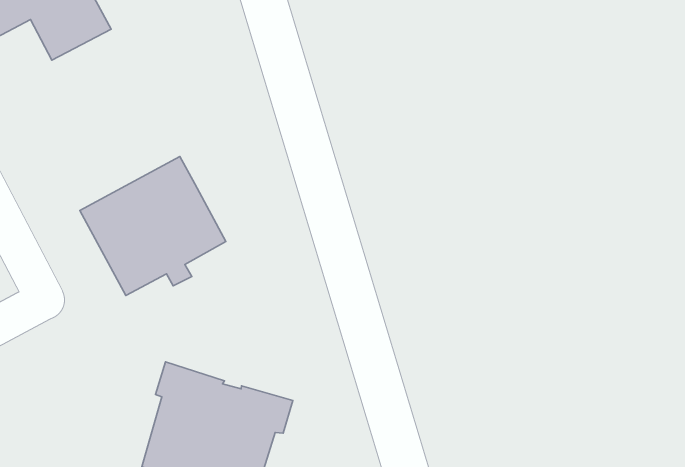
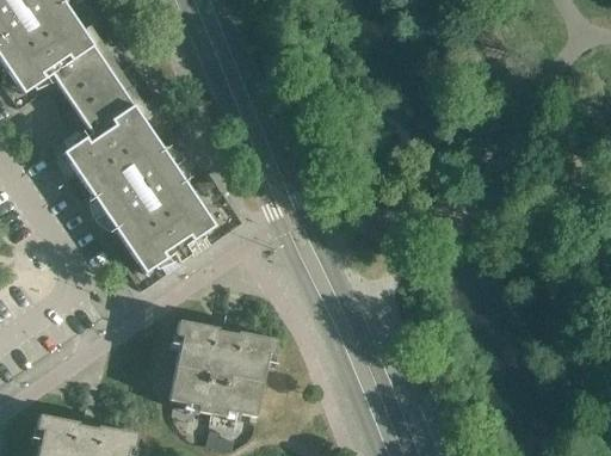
building: none -> [63,74,174,211]

